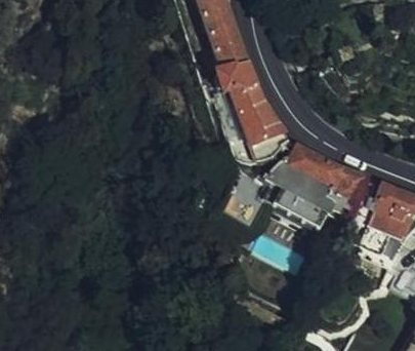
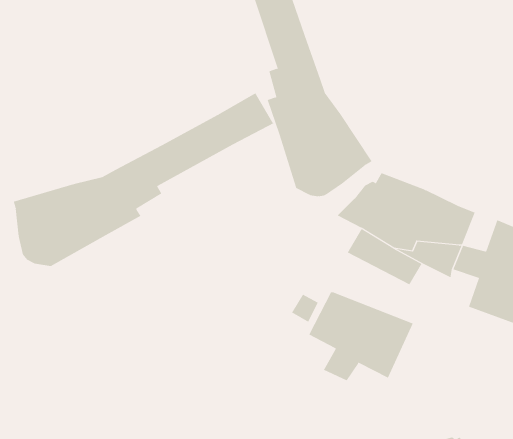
building: none -> [13,93,275,267]
building: none -> [309,291,413,381]

